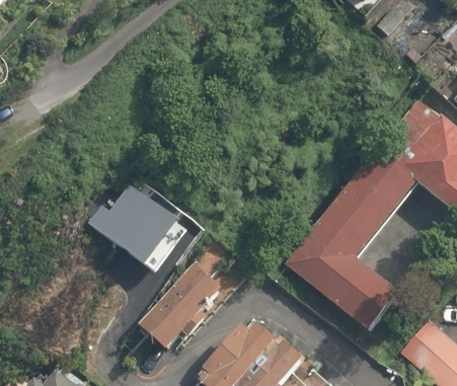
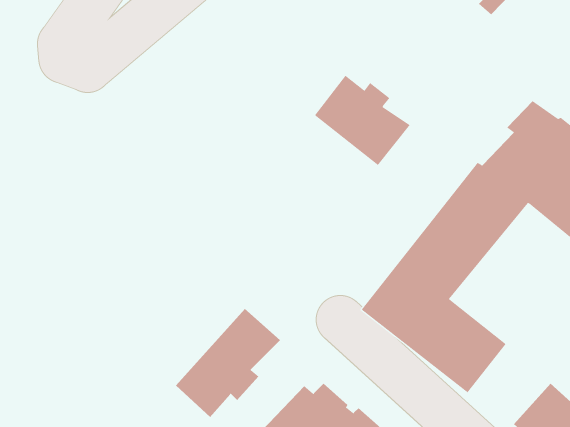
building: none -> [314,75,410,166]
building: [91,187,189,274] -> none

